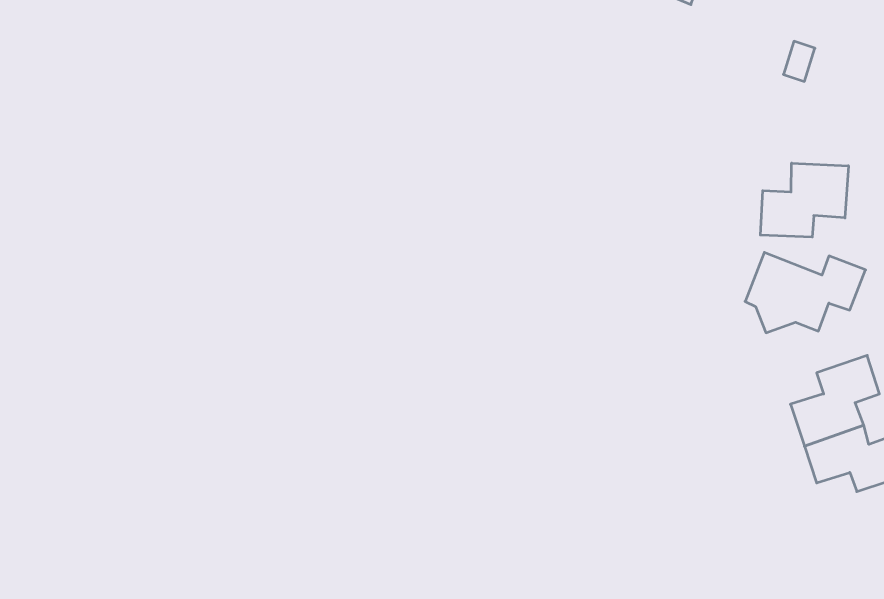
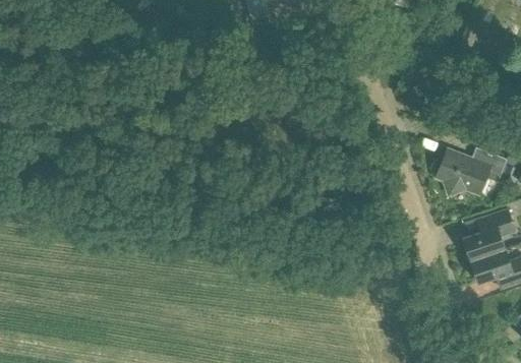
building: [760,163,848,237] -> none

